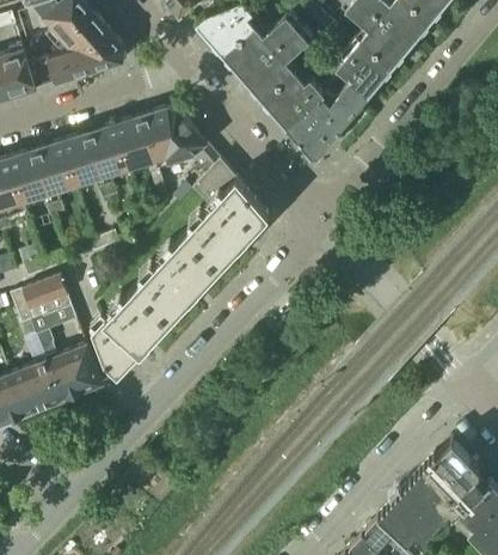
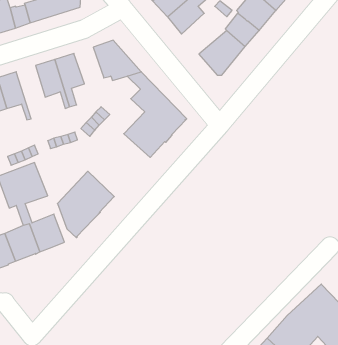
building: [262,71,324,127] -> none
building: [115,117,155,167] -> none
building: [36,142,75,215] -> none
building: [134,236,219,322] -> none

